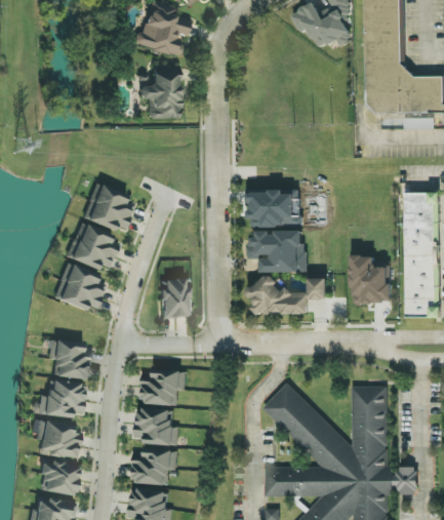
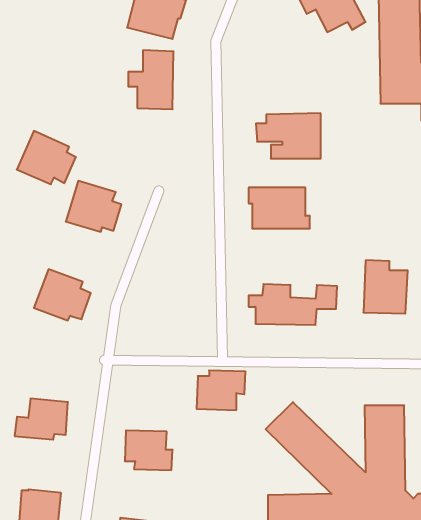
building: [65,222,118,270] -> [17,131,76,184]
building: [247,231,306,272] -> [256,113,321,159]
building: [160,278,189,318] -> none
building: [47,341,91,379] -> none
building: [142,369,186,405] -> [197,370,246,410]
building: [30,418,80,459] -> none
building: [132,449,177,485] -> none

